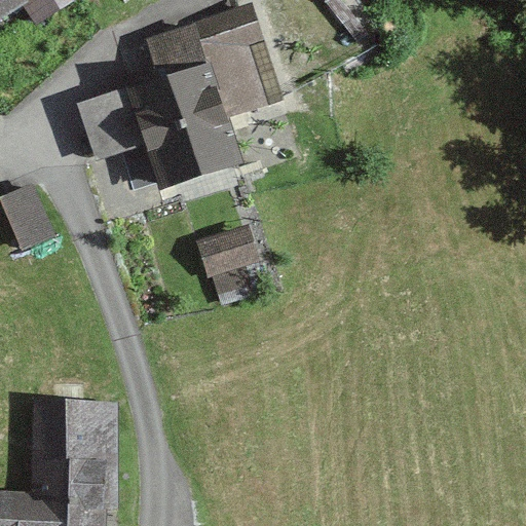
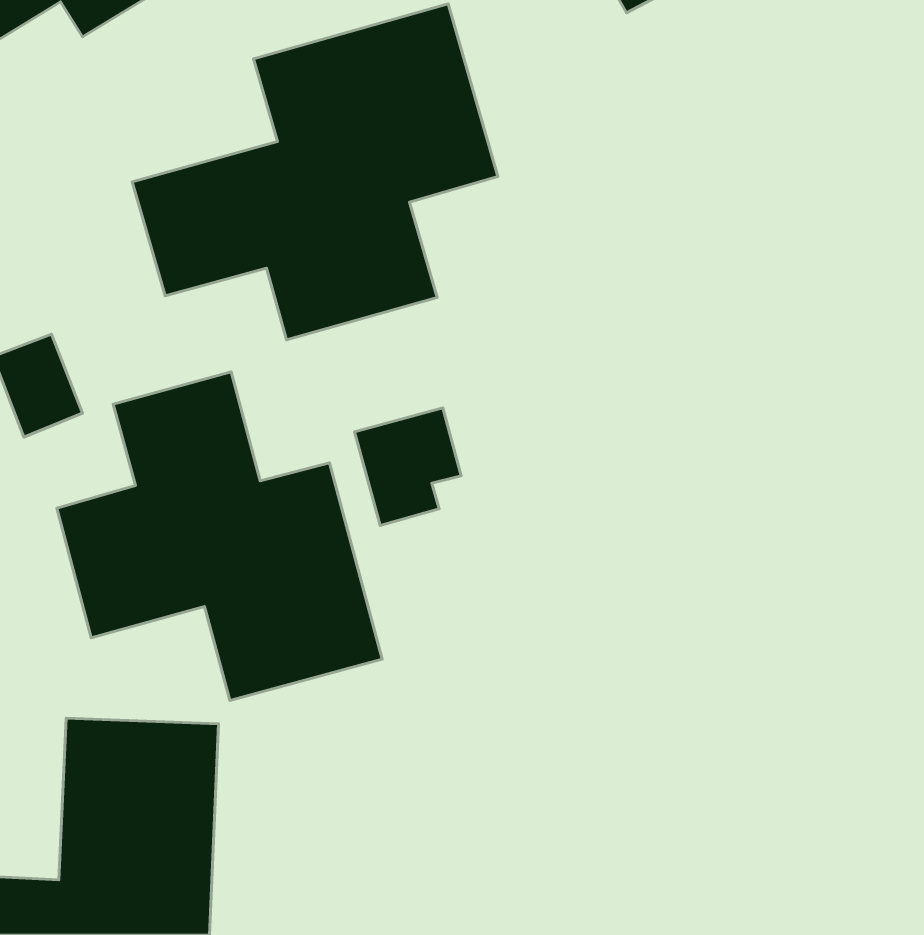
building: none -> [57,372,382,700]

